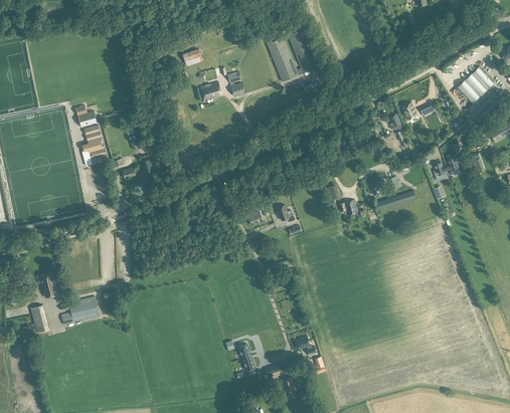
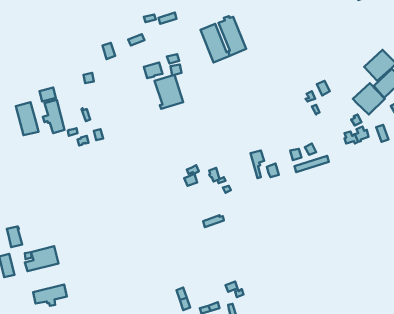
building: none -> [155,75,183,109]
building: none -> [353,83,385,115]
building: none -> [16,102,39,135]
building: none -> [33,284,67,306]

